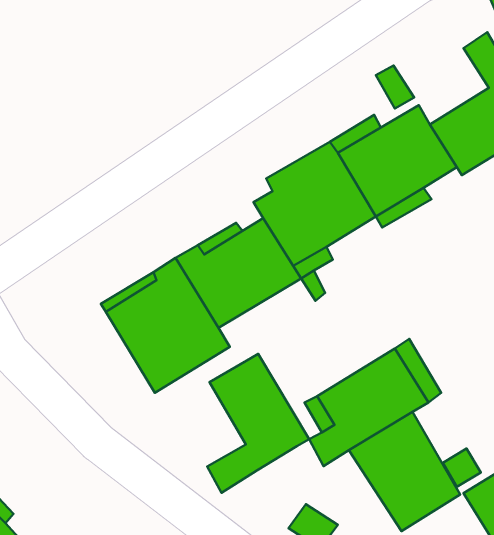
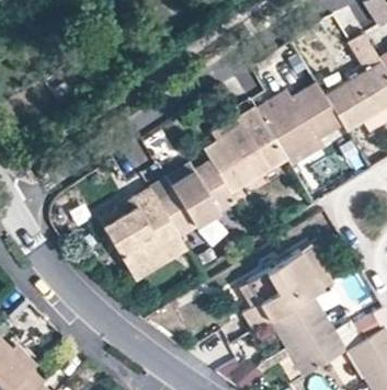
building: [207,354,309,493] -> none

